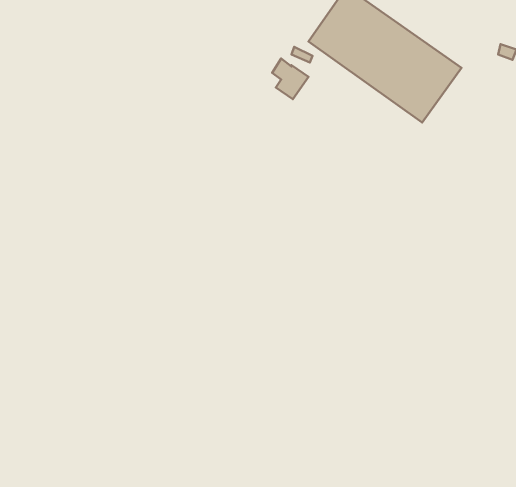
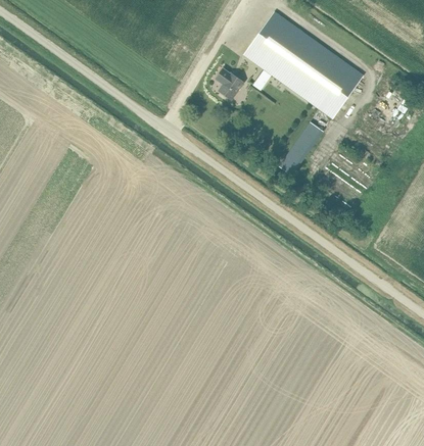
building: none -> [279,121,323,175]

